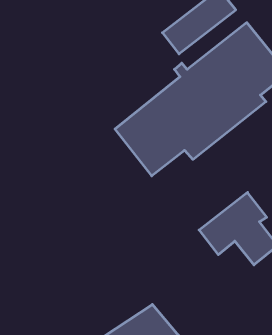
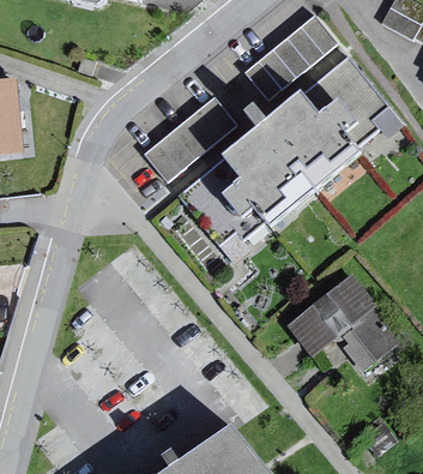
building: none -> [143,95,238,181]

